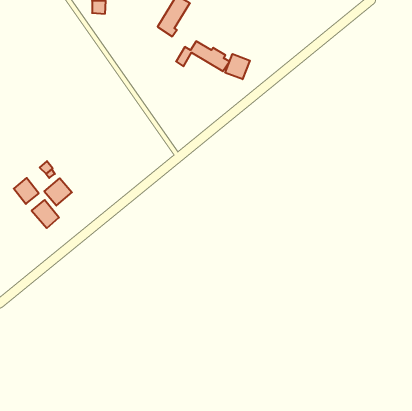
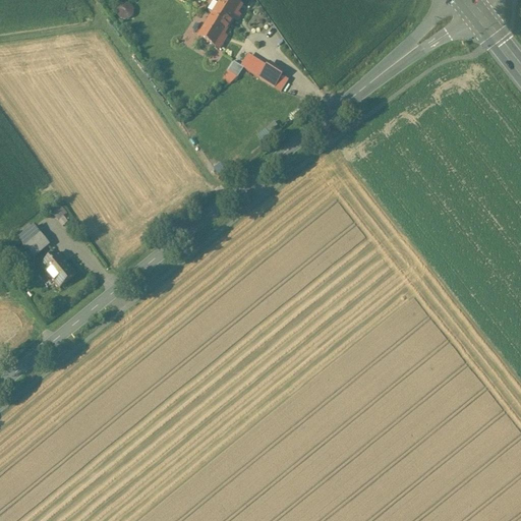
building: [225,54,250,79] -> none
building: [44,178,72,206] -> none

